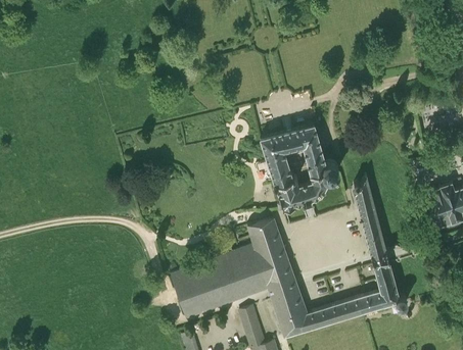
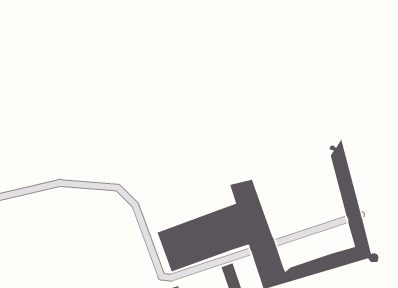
building: [261,126,337,208] -> none

